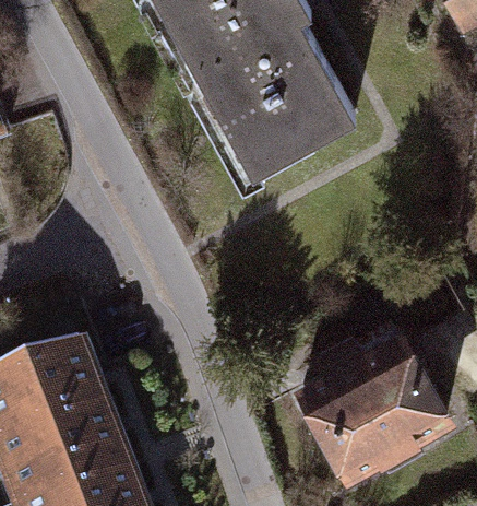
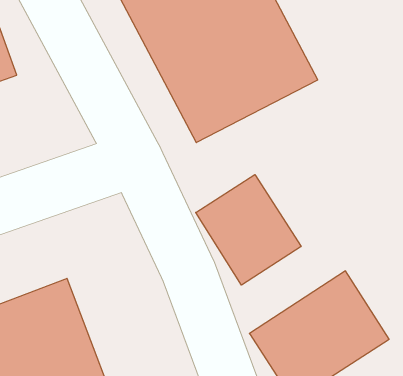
building: none -> [196,175,301,285]

